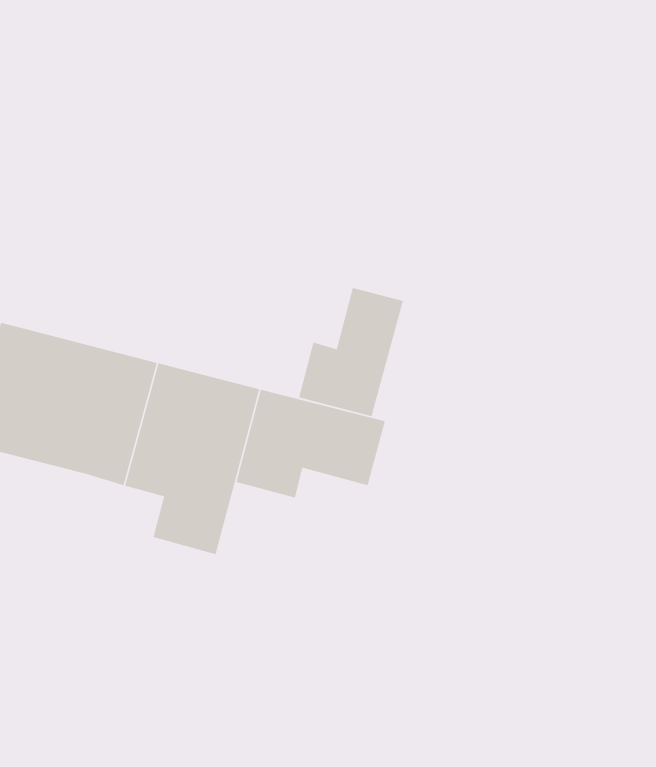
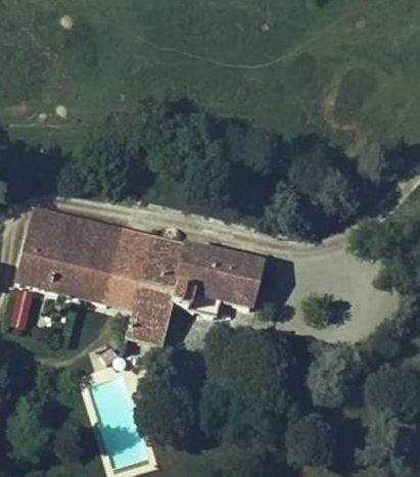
building: [298,287,404,417] -> none

